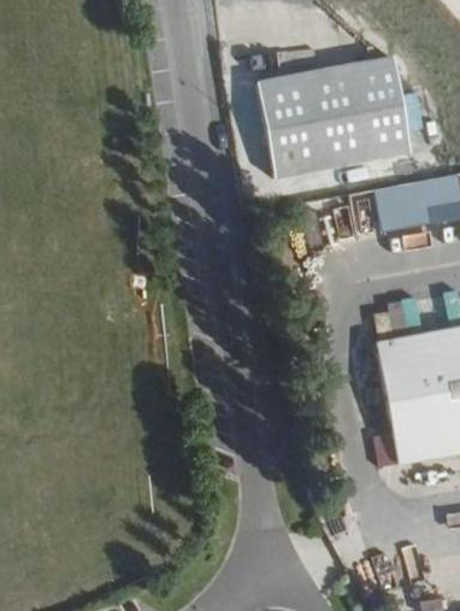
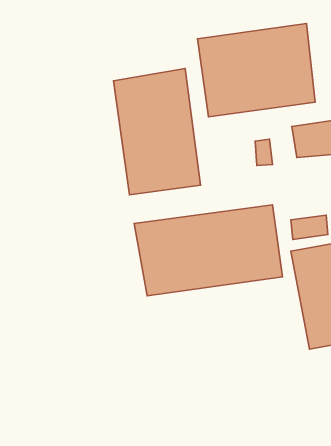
building: none -> [114,69,201,195]
building: none -> [134,205,282,296]

